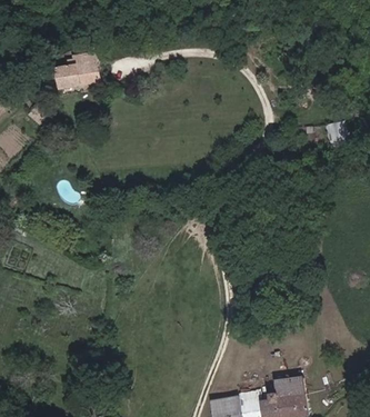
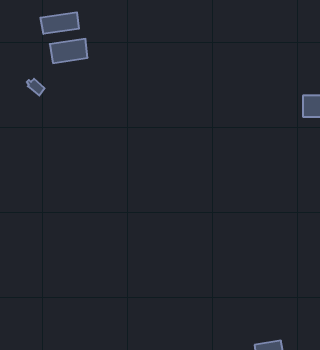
building: none -> [40,12,79,34]

